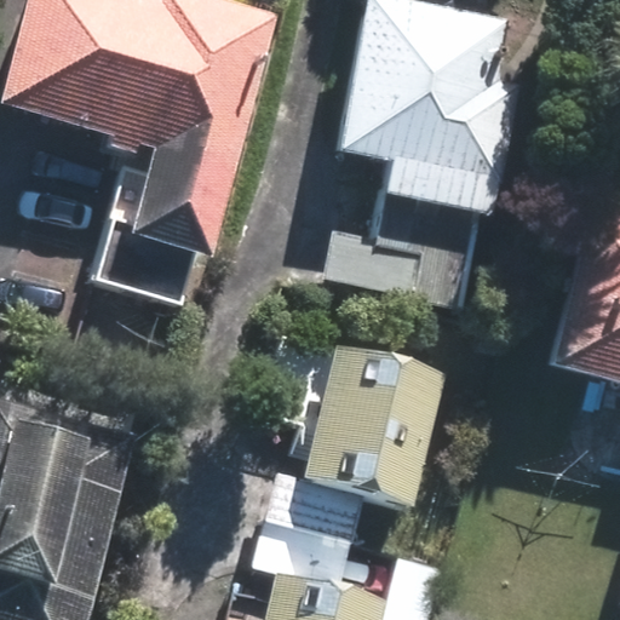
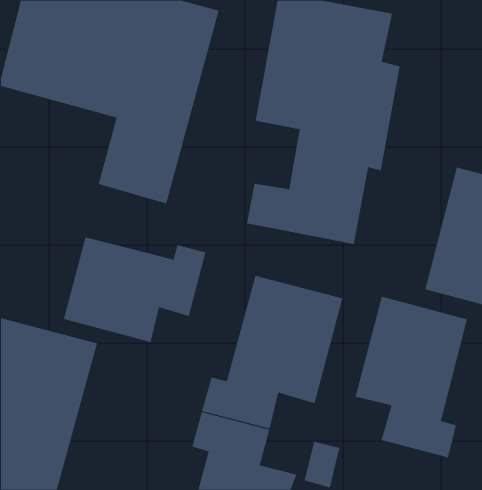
building: none -> [63,237,206,343]
building: none -> [355,296,468,458]

